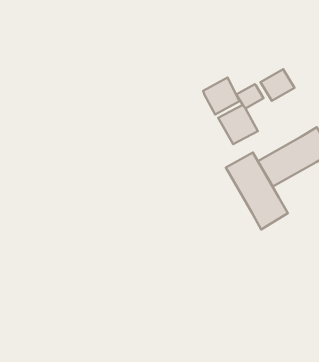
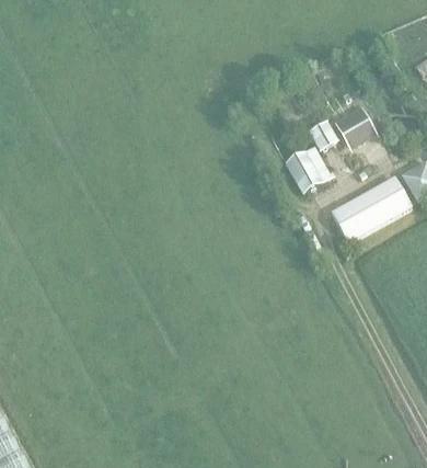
building: [203,77,240,115] -> none
building: [226,152,288,229] -> none

